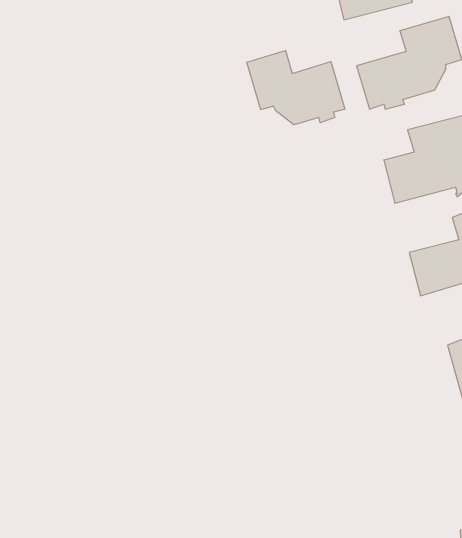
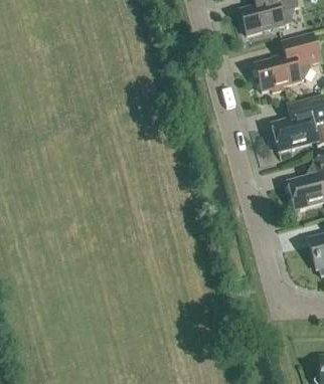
building: [247,50,345,125] -> none

